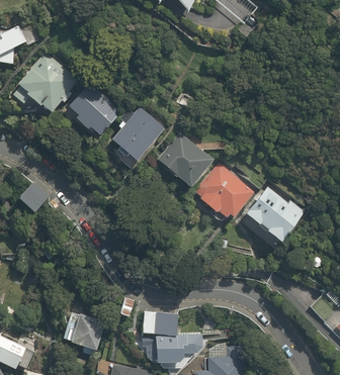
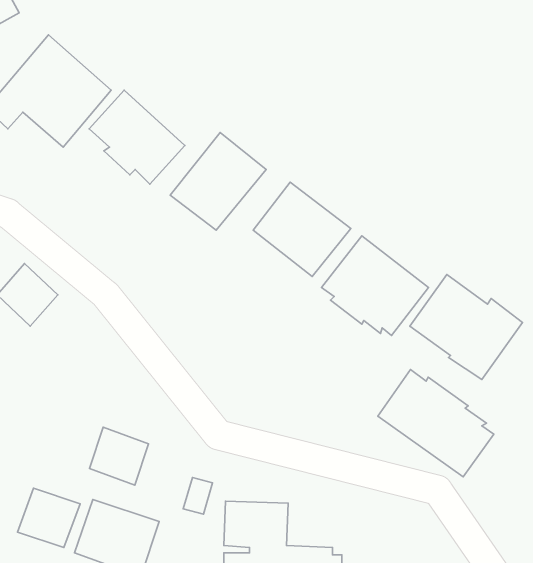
building: none -> [378,369,494,477]
building: none -> [89,427,149,485]
building: none -> [17,488,80,548]

